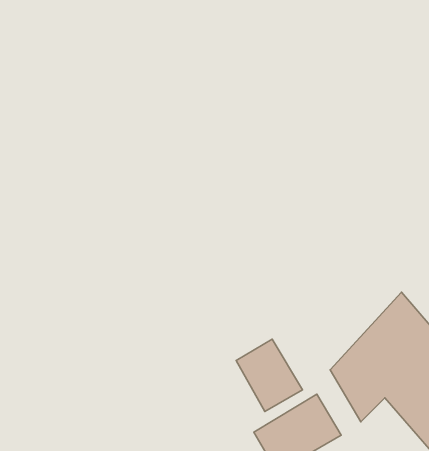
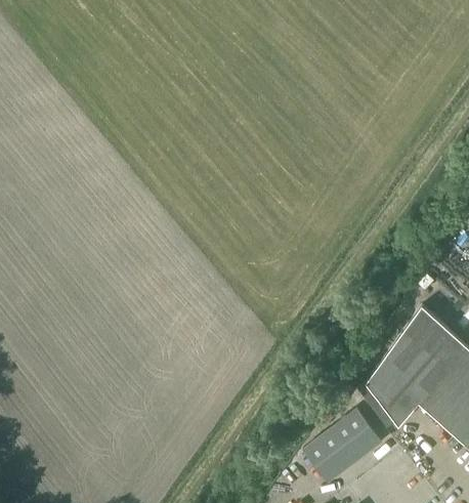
building: [236,339,302,412] -> none

